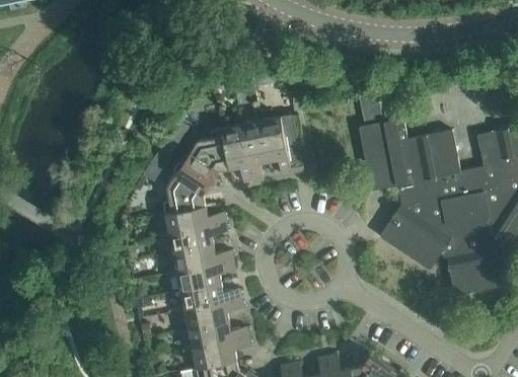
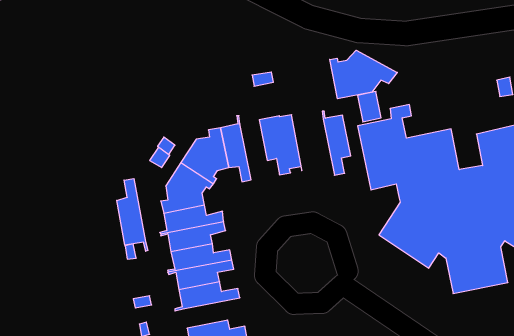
building: none -> [330,50,397,99]
building: [240,118,269,181] -> [322,111,351,175]
building: none -> [117,179,148,251]
building: [176,299,243,329] -> none

